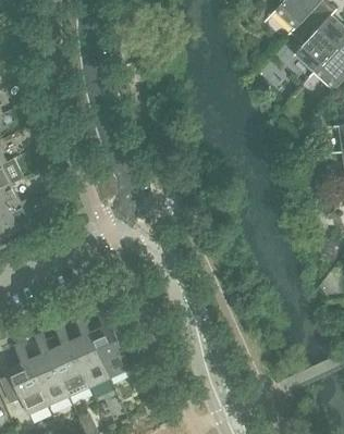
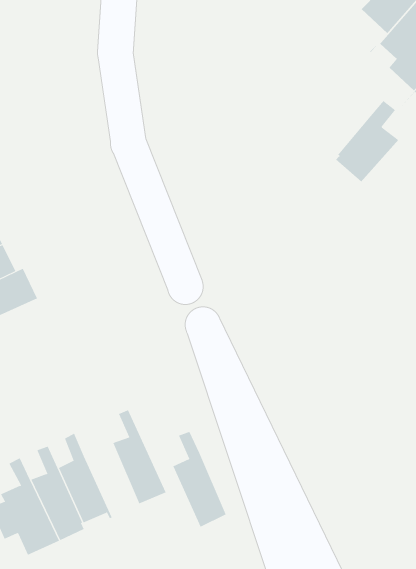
building: none -> [335,100,399,183]
building: [71,314,111,386] -> [172,431,226,528]

